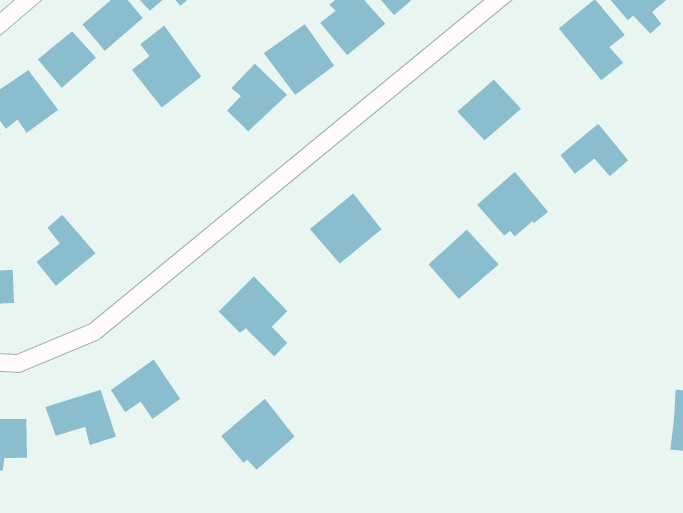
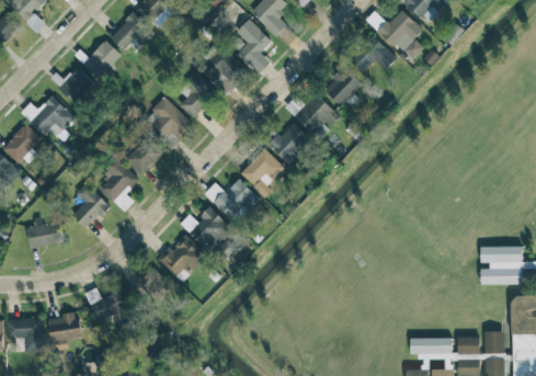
building: [131,25,202,109] -> [147,95,192,148]
building: [559,123,629,177] -> [352,37,396,71]
building: none -> [124,137,163,175]
building: [476,171,549,238] -> [294,93,340,135]
building: none -> [99,158,138,202]
building: [427,229,500,300] -> [269,122,313,167]
building: none -> [204,179,260,225]
building: [220,398,296,471] -> [159,233,206,280]

